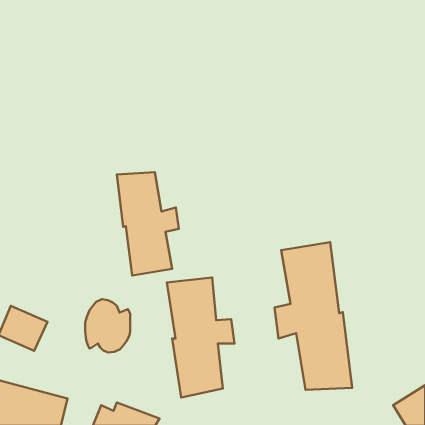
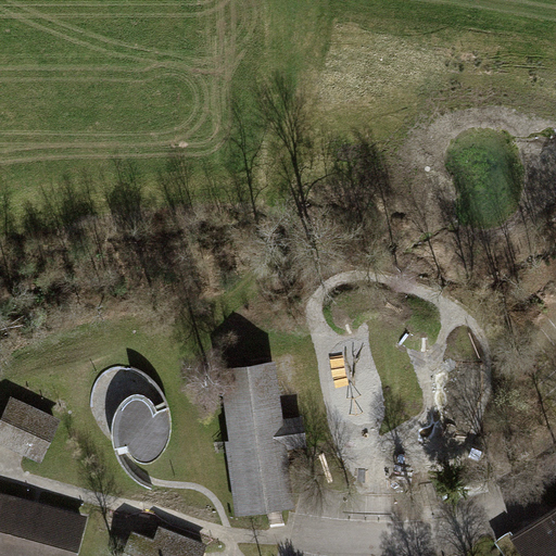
building: [117,172,179,275] -> none
building: [274,242,352,390] -> none

